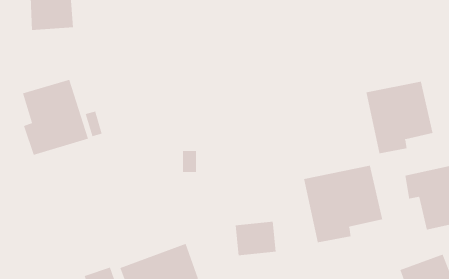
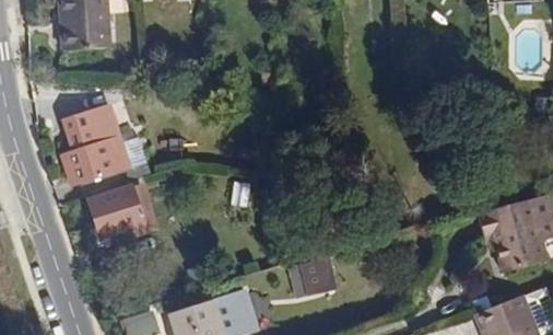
building: [366,81,433,154] -> none
building: none -> [87,184,141,233]
building: [303,165,383,243] -> none

